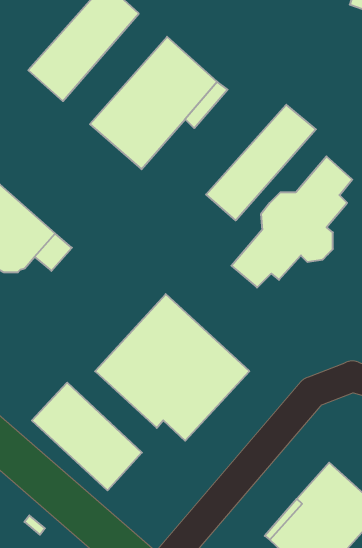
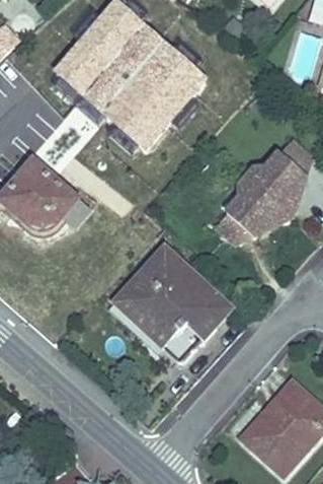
building: none -> [83,24,165,112]
building: [206,105,316,220] -> none
building: [32,383,142,490] -> none

